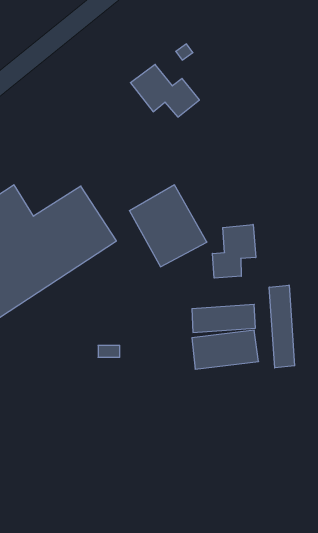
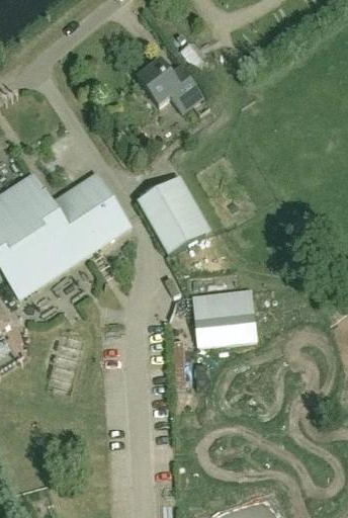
building: [212,224,256,278] -> none
building: [269,285,295,368] -> none

